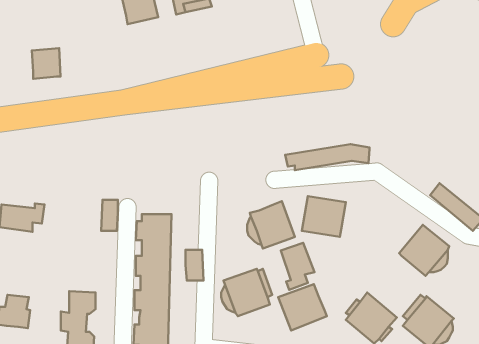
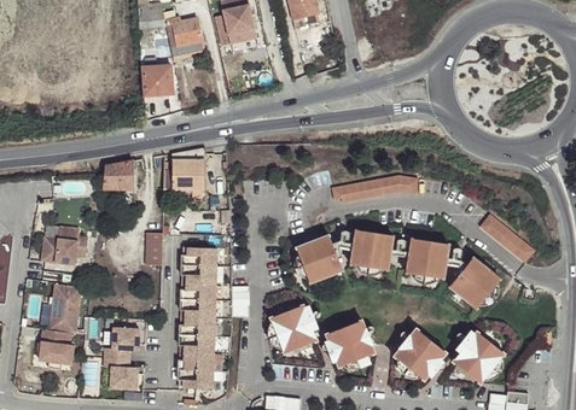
building: [32,48,60,79] -> [142,65,171,96]
building: none -> [163,148,204,188]
building: none -> [101,160,133,189]
building: none -> [406,240,448,281]
building: [281,243,314,290] -> none
building: none -> [48,285,81,334]

